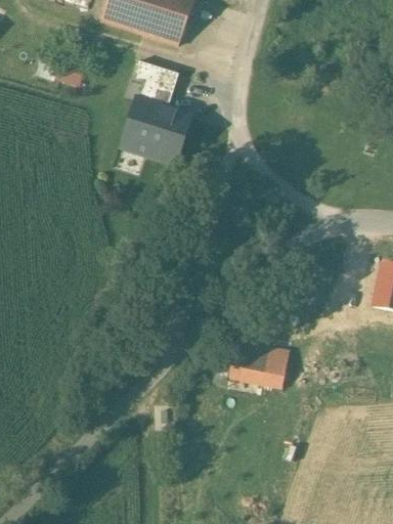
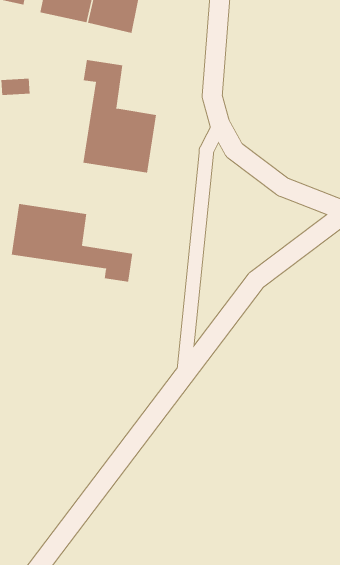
building: none -> [11,203,133,283]
building: [229,340,290,387] -> none

